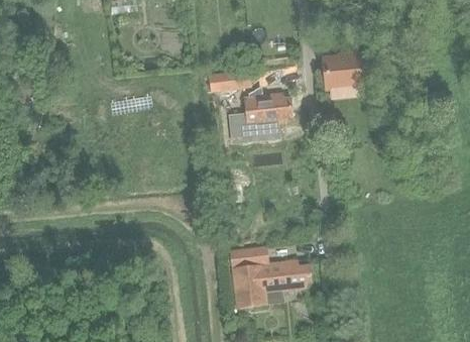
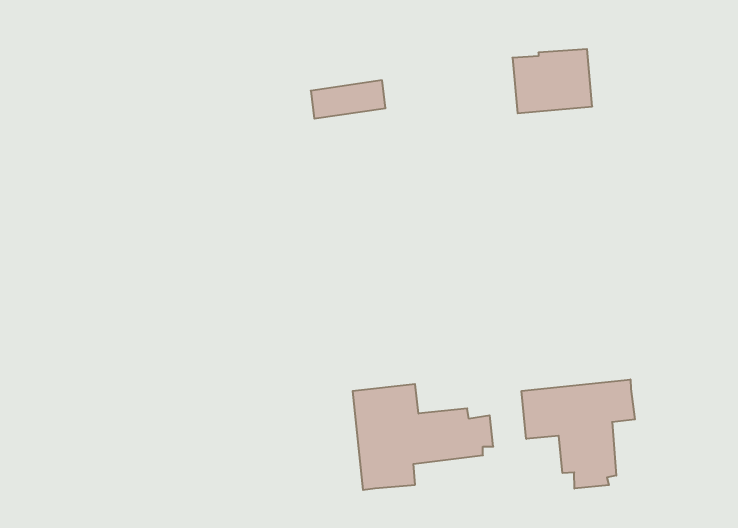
building: [232,88,291,135] -> none
building: none -> [522,379,635,489]

